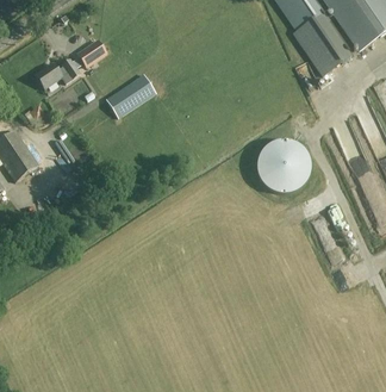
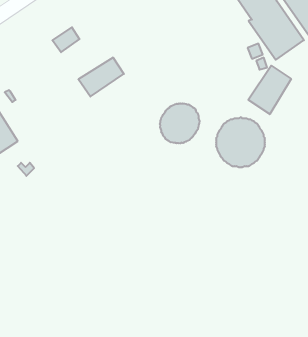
building: [35,57,79,86] -> none
building: none -> [248,66,291,114]
building: none -> [160,103,200,143]

